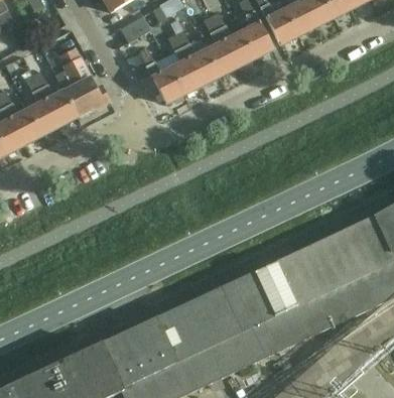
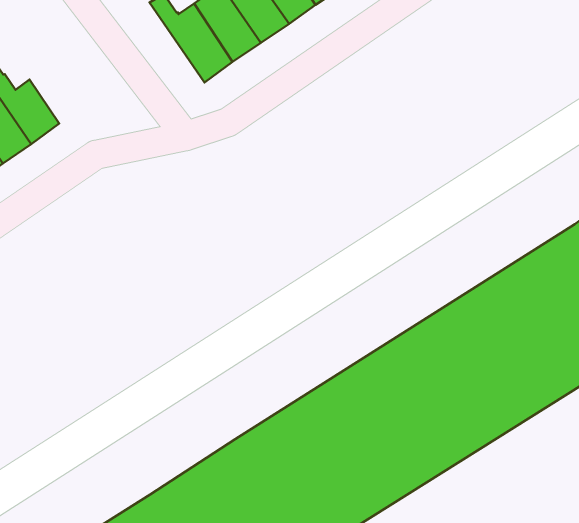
building: [53,47,109,117] -> none

